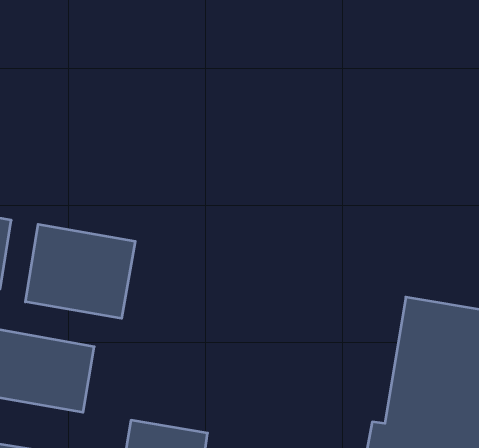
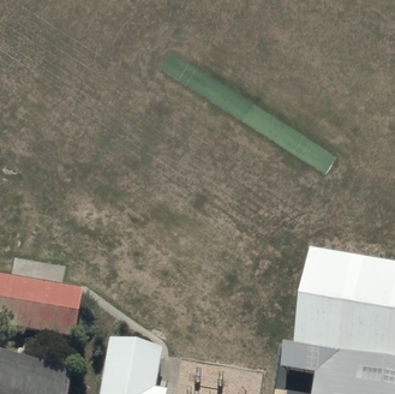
building: [25,224,135,318] -> none

